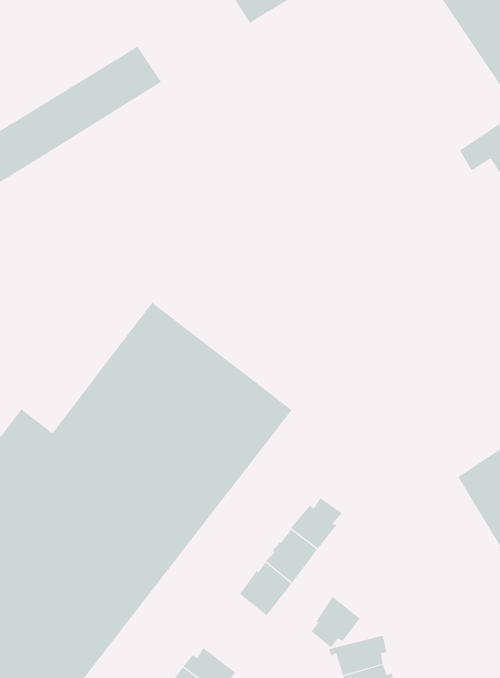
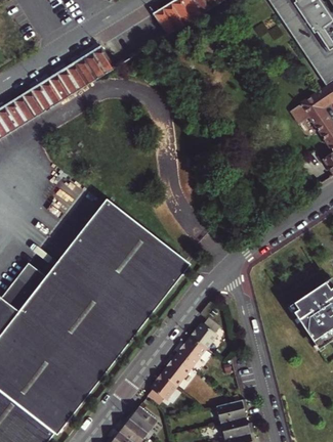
building: [311,595,360,648] -> [147,372,176,404]

